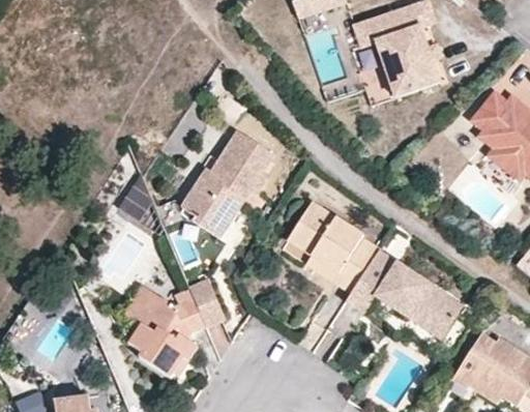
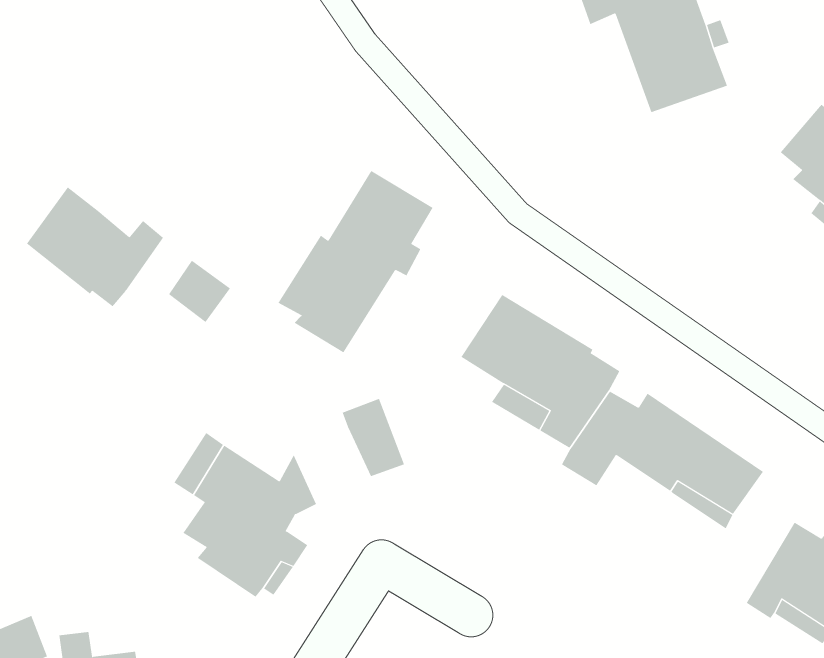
building: none -> [26,187,164,307]
building: [187,277,224,323] -> [342,398,405,477]

